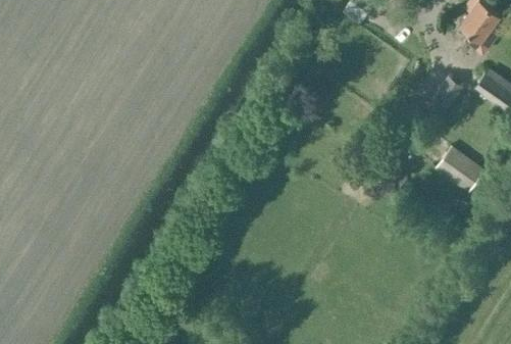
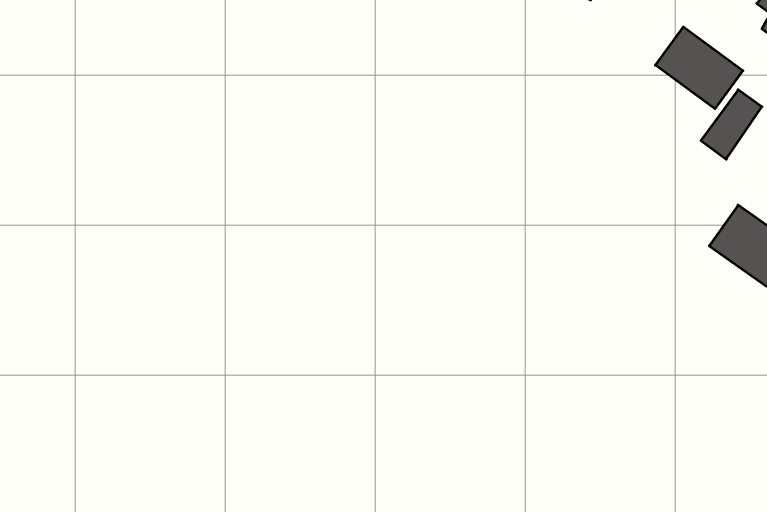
building: none -> [655,27,743,109]

